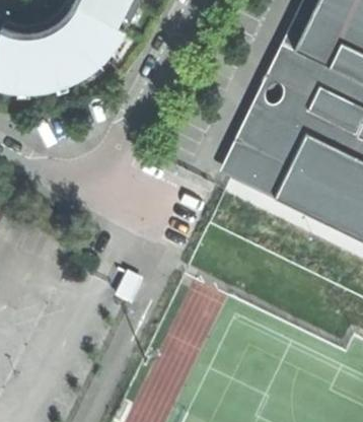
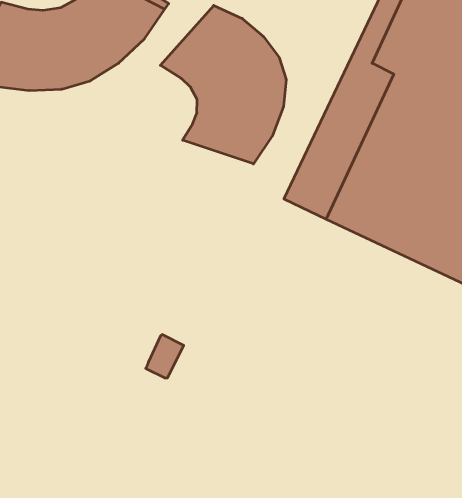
building: none -> [160,5,286,164]

